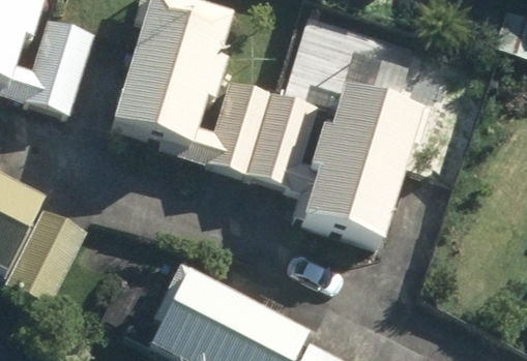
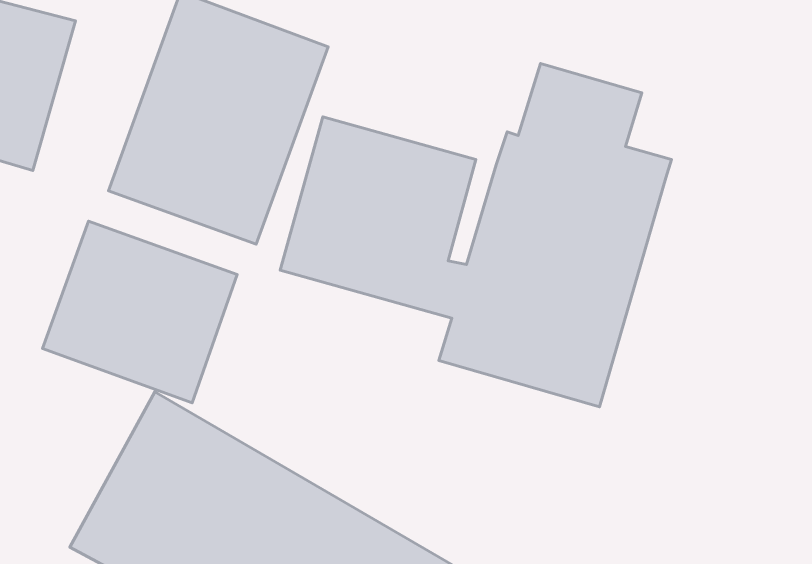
building: none -> [42,221,237,403]

